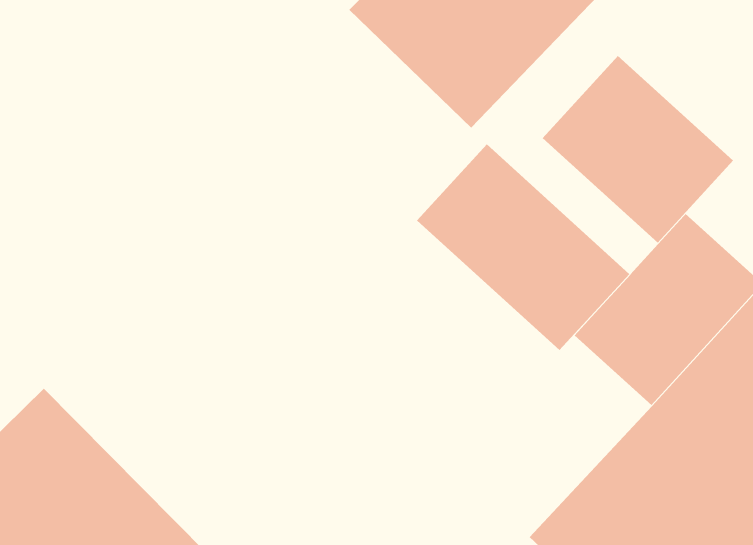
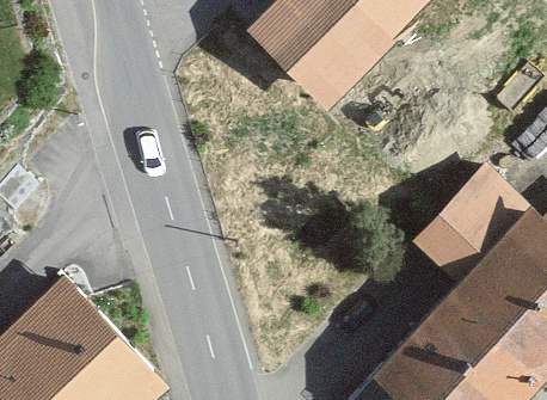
building: [542,55,734,244] -> none
building: [416,144,630,351] -> none

